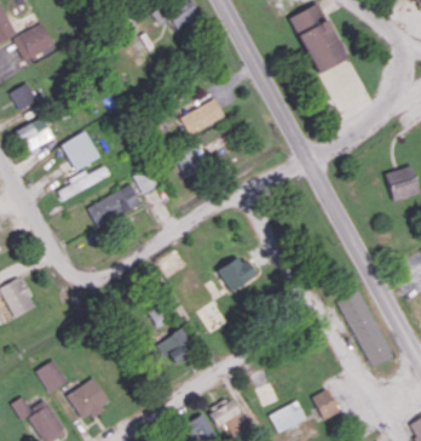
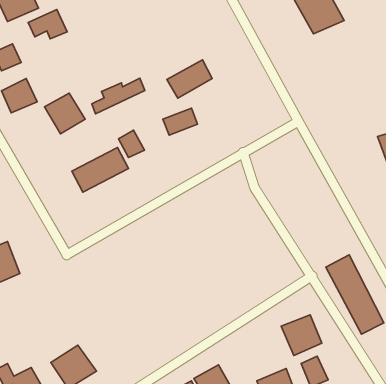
building: none -> [28,10,67,39]
building: [58,165,110,200] -> [92,78,145,114]
building: [218,256,254,291] -> none
building: [156,328,196,363] -> none
building: none -> [281,315,322,356]
building: [36,360,68,393] -> none

